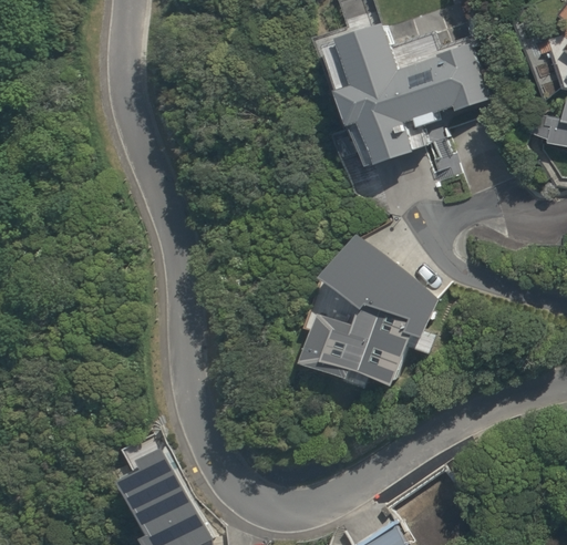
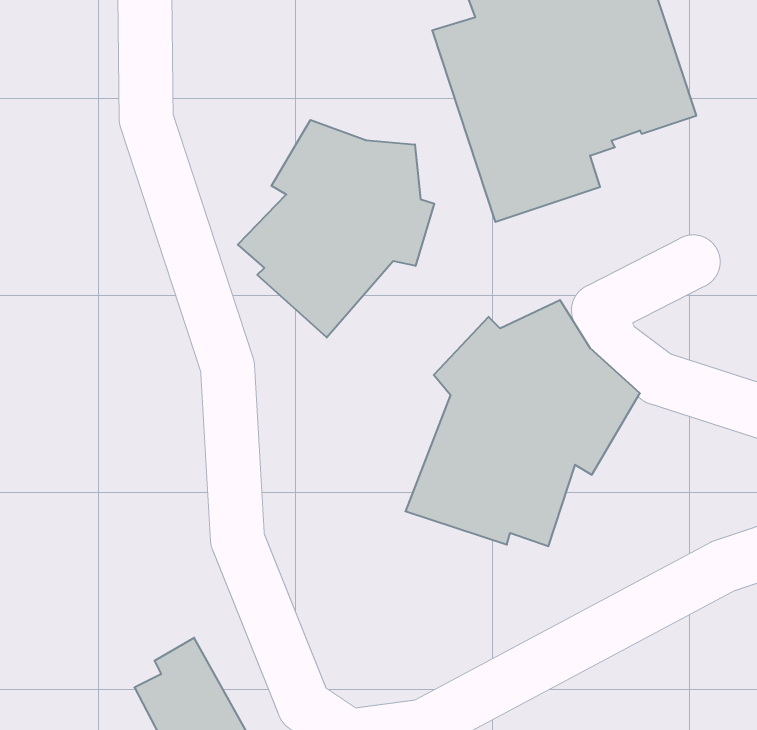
building: none -> [238,120,434,338]

